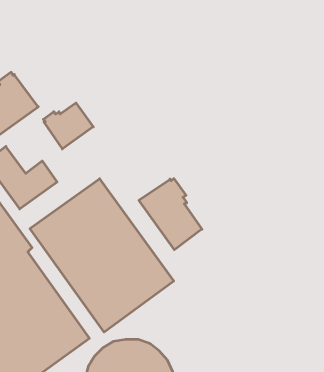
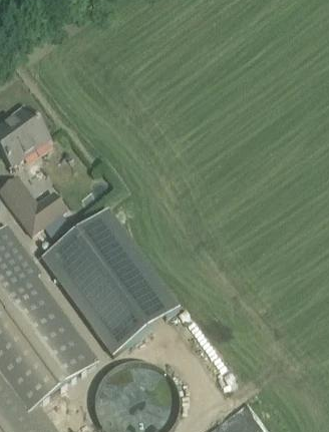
building: [43,103,93,149] -> none
building: [139,179,202,250] -> none

